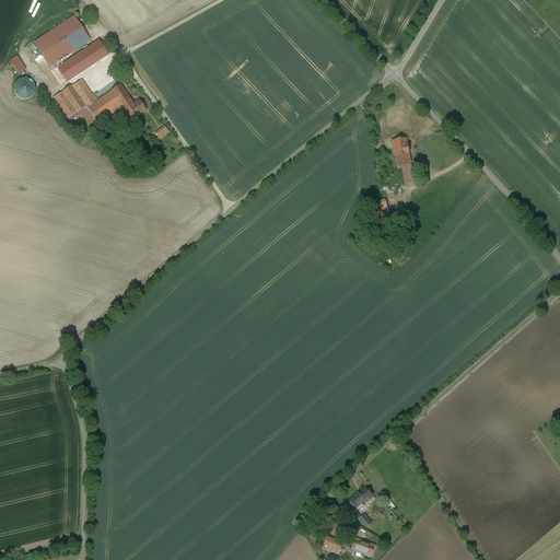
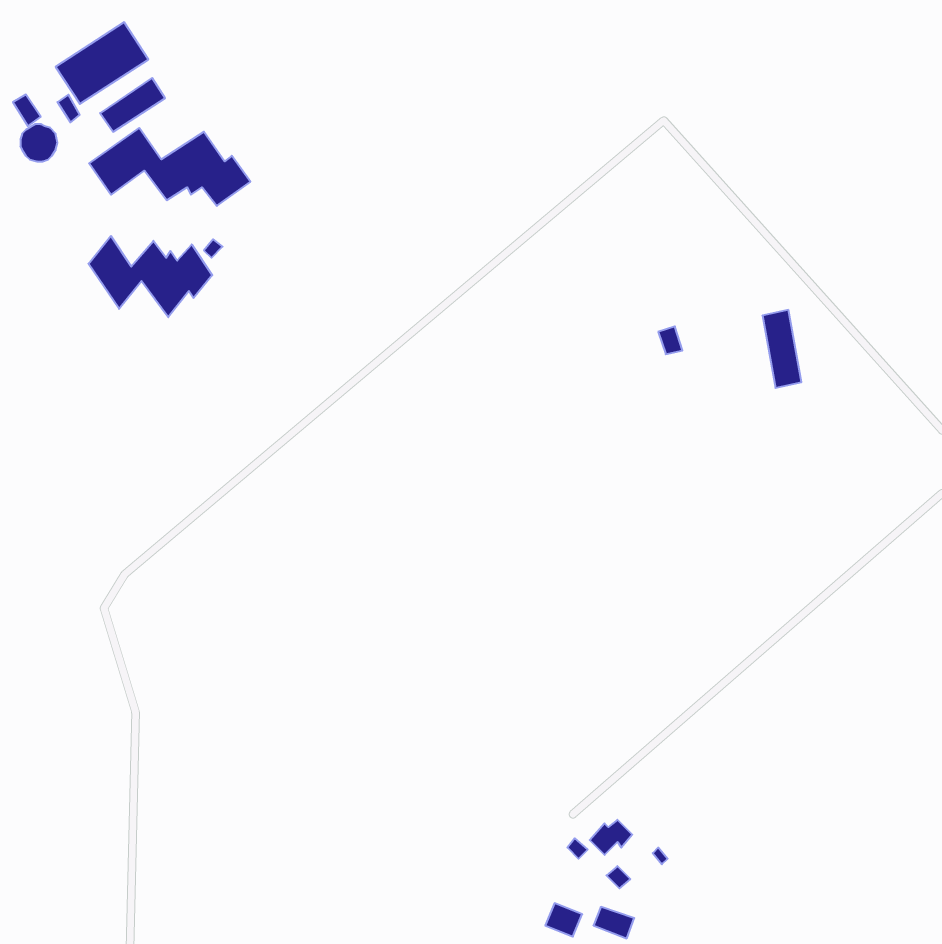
building: [392,137,415,183] -> [762,310,801,388]
building: none -> [88,236,212,317]

